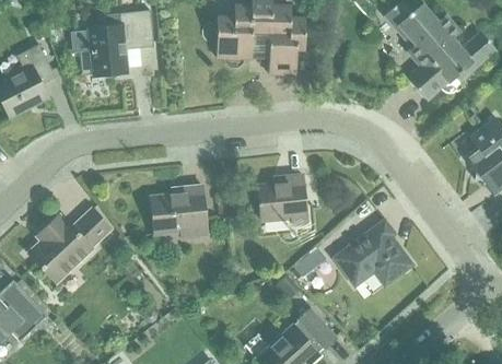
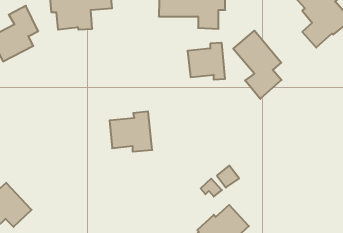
building: none -> [233,31,282,99]
building: [257,175,307,224] -> [187,43,225,80]
building: [27,208,112,283] -> none
building: [334,220,412,285] -> none

